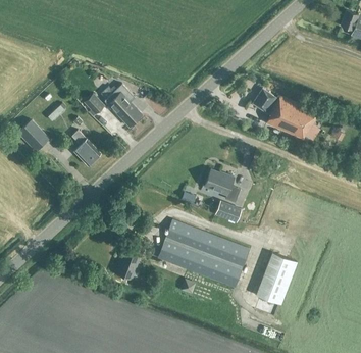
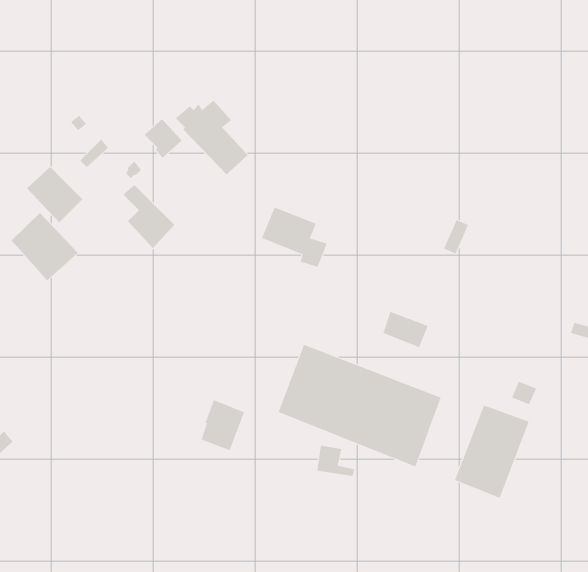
building: [252,88,320,139] -> none
building: none -> [11,212,78,281]
building: [204,168,241,202] -> [261,207,327,267]

